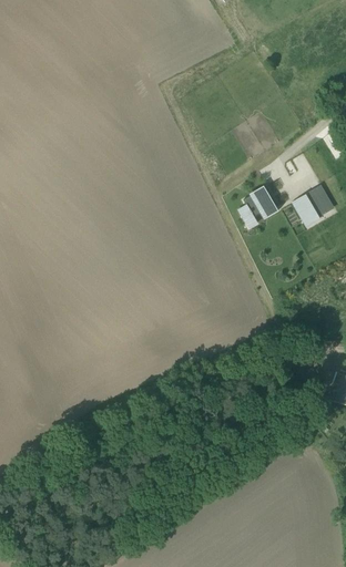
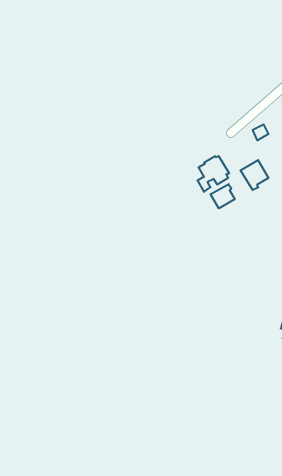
building: none -> [211,184,235,208]

